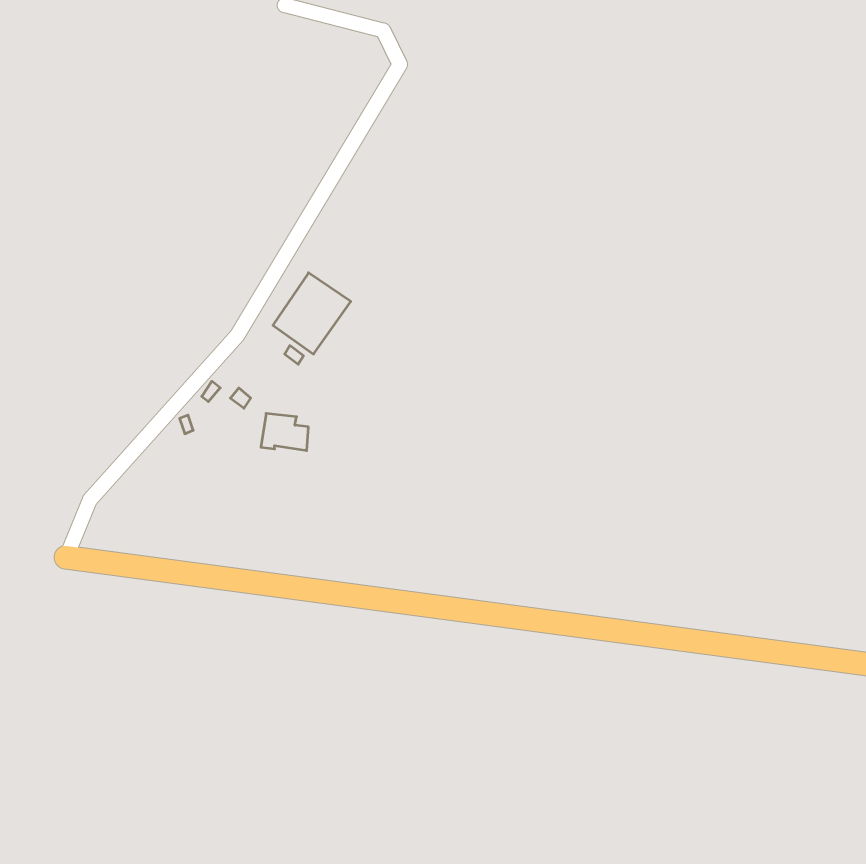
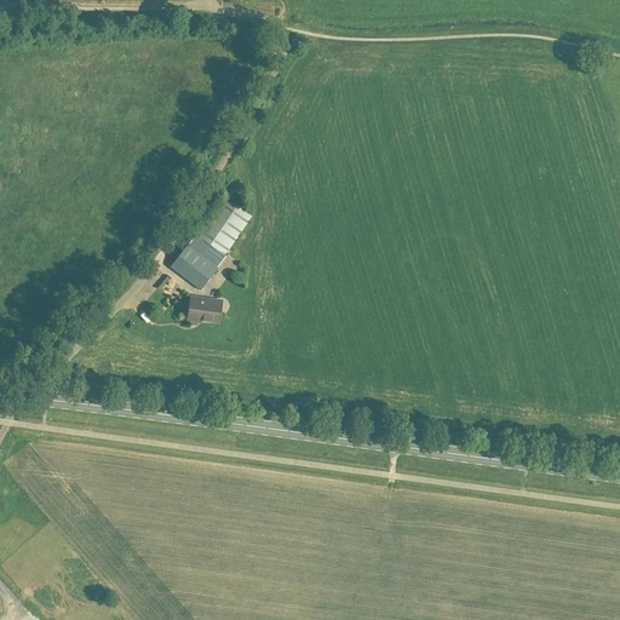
building: none -> [171,243,217,288]

